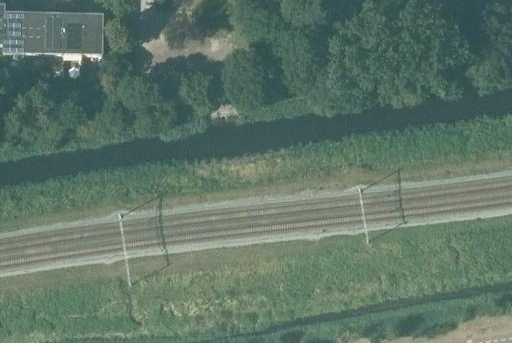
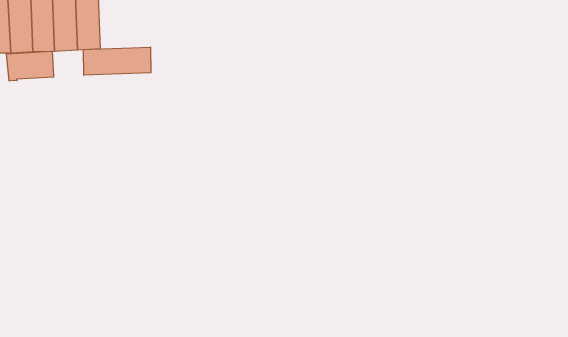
building: none -> [7,51,54,81]
building: none -> [83,47,151,75]

